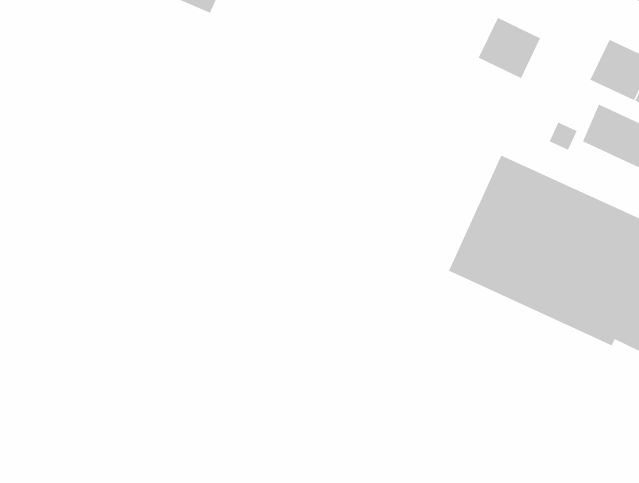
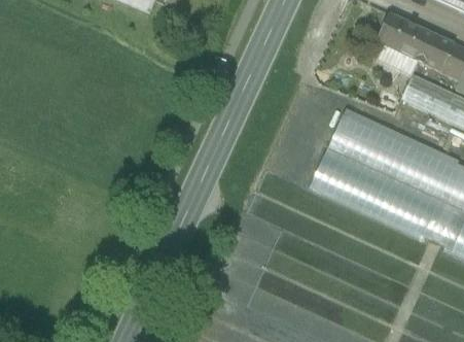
building: [478,17,541,79] -> [377,13,420,56]

